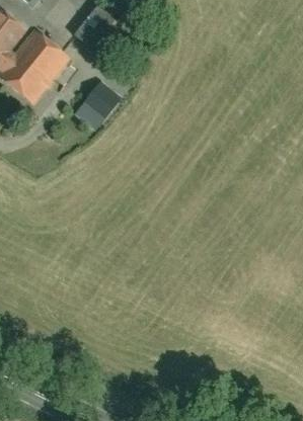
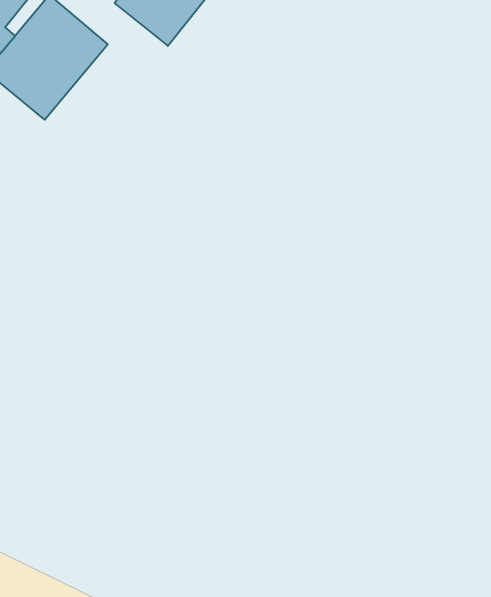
building: [86,85,121,119] -> none

